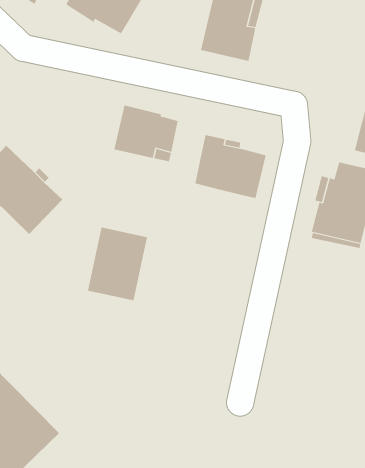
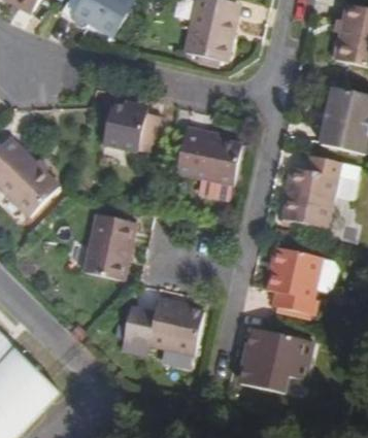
building: none -> [268,244,322,311]
building: none -> [122,297,203,358]
building: none -> [237,325,310,392]

